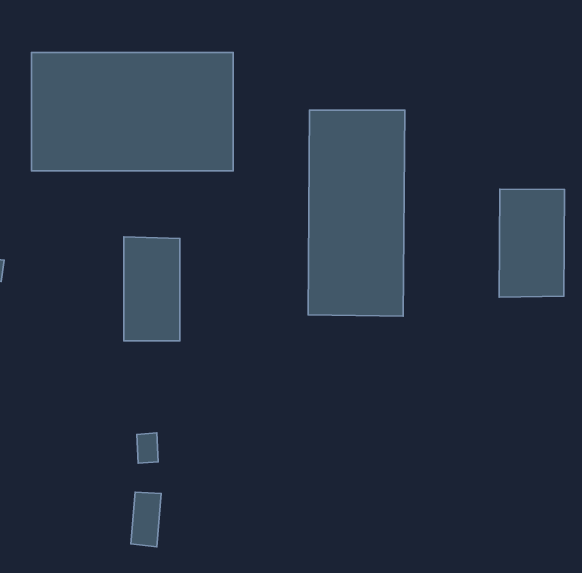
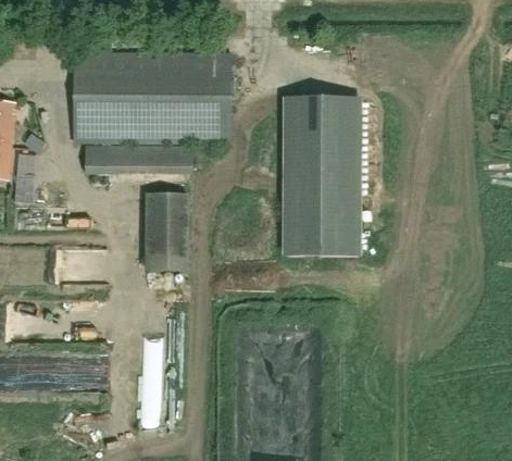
building: none -> [85,144,191,173]
building: [499,189,564,297] -> none

